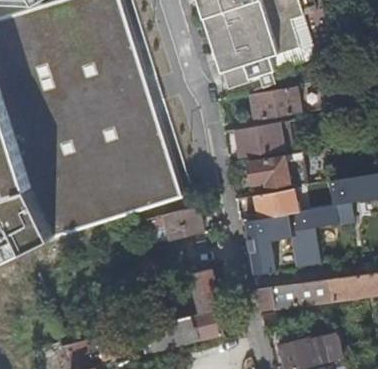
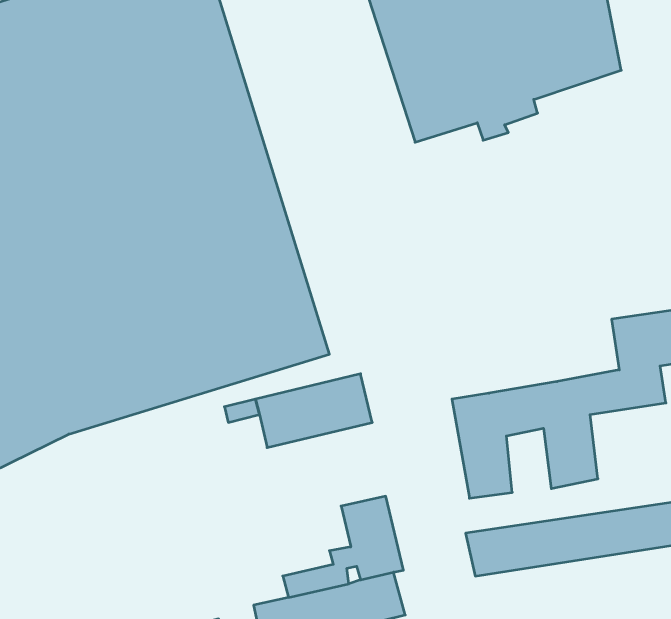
building: [247,84,302,121] -> none
building: [241,124,274,155] -> none
building: [247,155,287,187] -> none
building: [253,189,298,218] -> none

